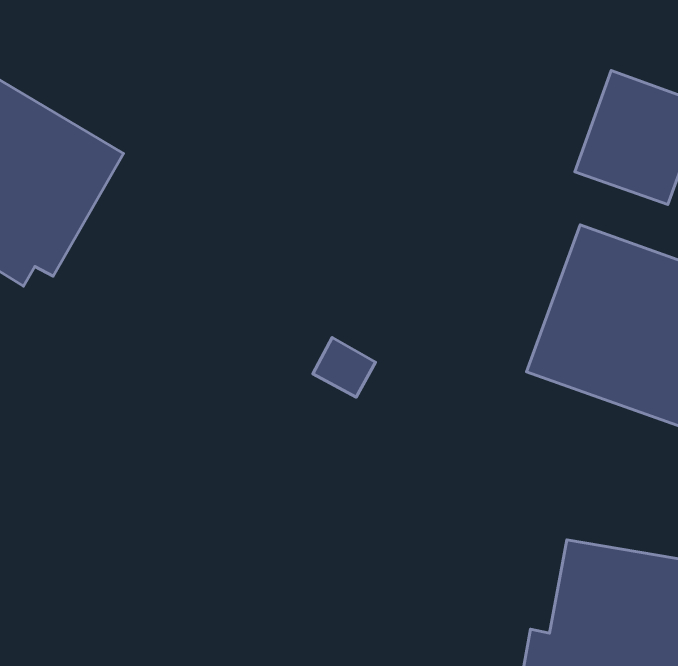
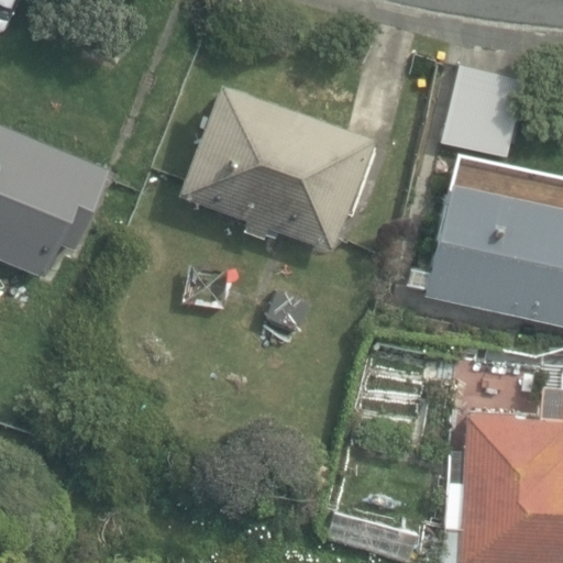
building: none -> [180,85,372,251]

